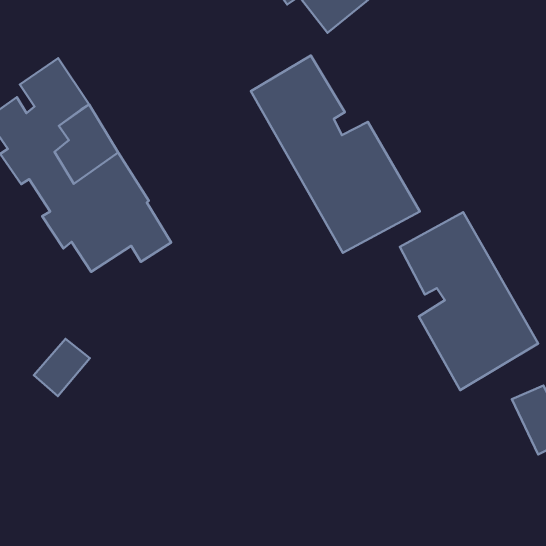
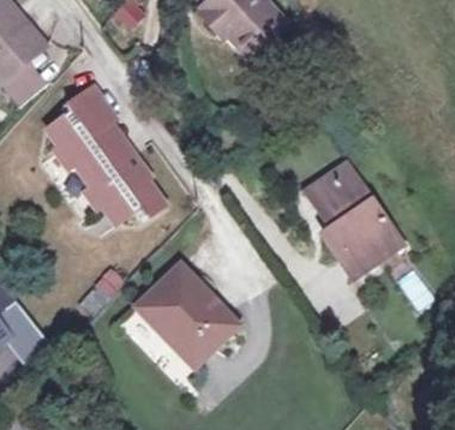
building: [251,55,420,253] -> none
building: none -> [144,267,244,358]

